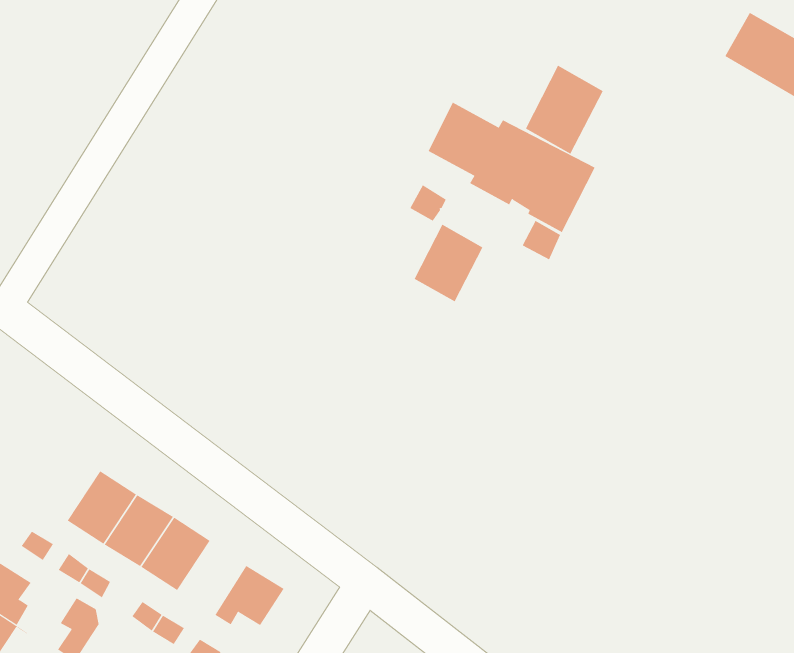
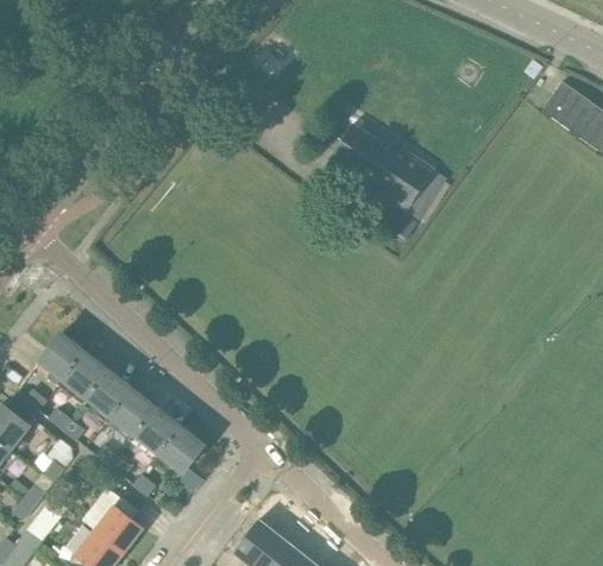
building: [525,65,603,155] -> none
building: [414,224,483,302] -> none
building: none -> [40,333,84,384]
building: none -> [130,408,178,459]

